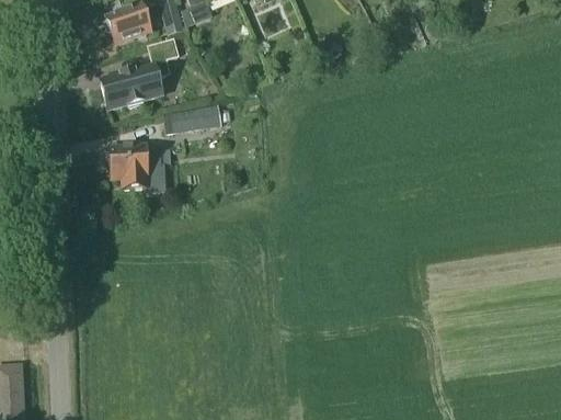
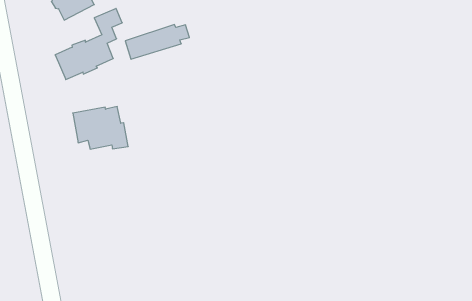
building: [161,103,231,134] -> [125,25,189,59]

